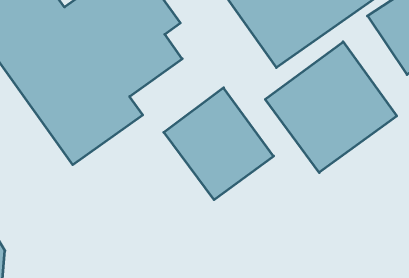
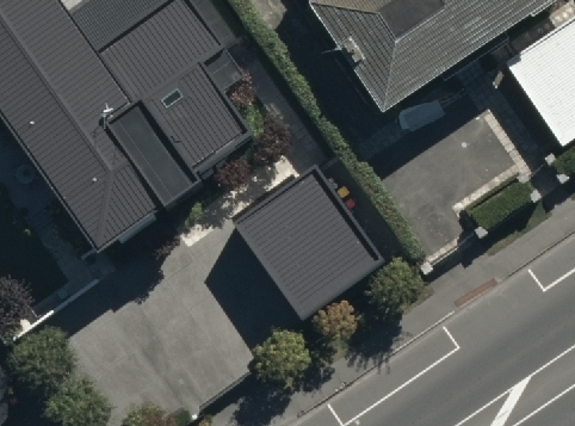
building: [265,42,397,173] -> none

